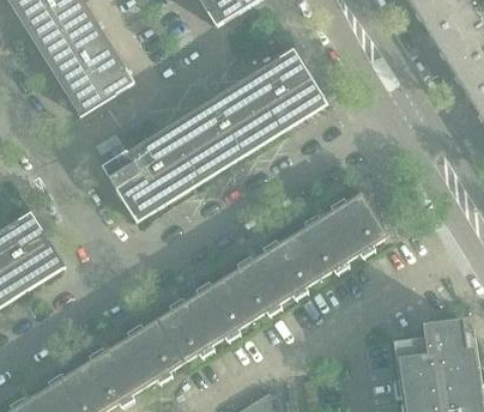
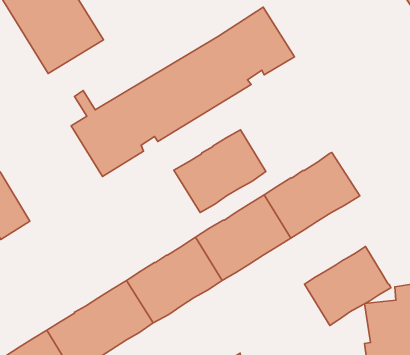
building: none -> [174,130,266,212]
building: none -> [305,247,391,325]

